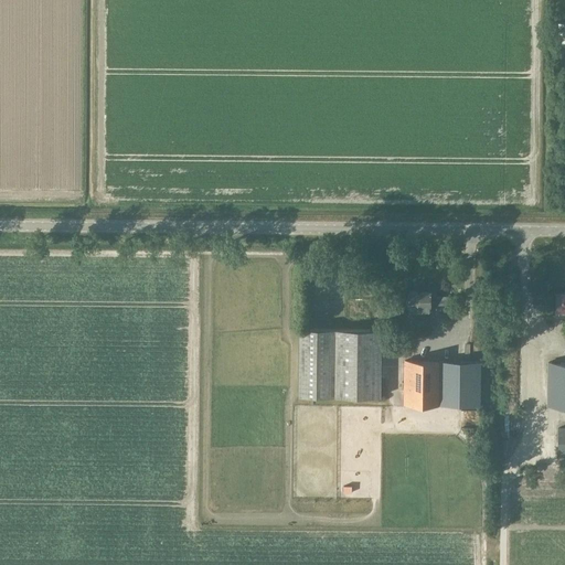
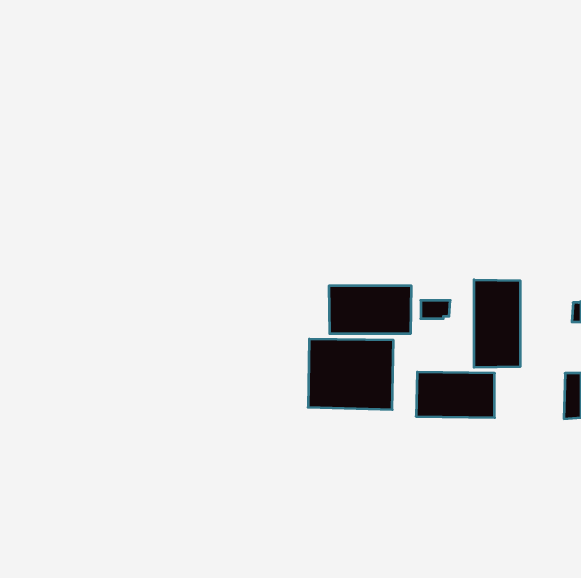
building: none -> [474,280,520,367]
building: none -> [329,286,411,334]

